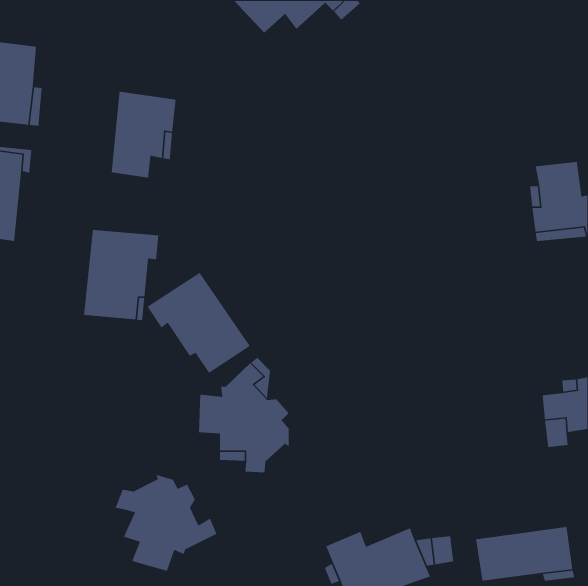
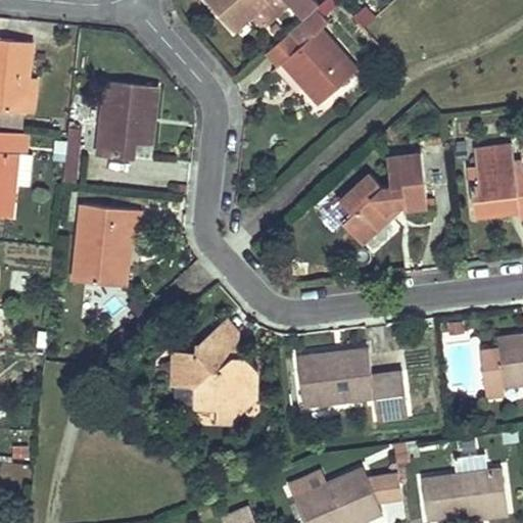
building: none -> [266,28,358,105]
building: none -> [340,153,427,244]
building: [147,272,251,374] -> none
building: none -> [295,351,407,419]
building: [114,474,218,572] -> none

